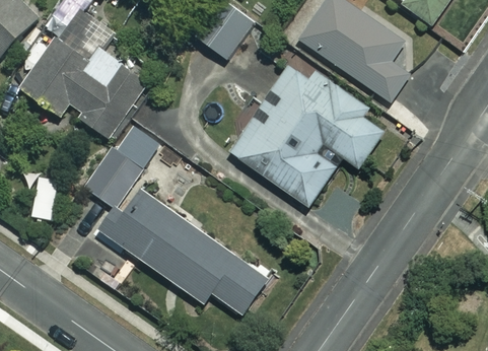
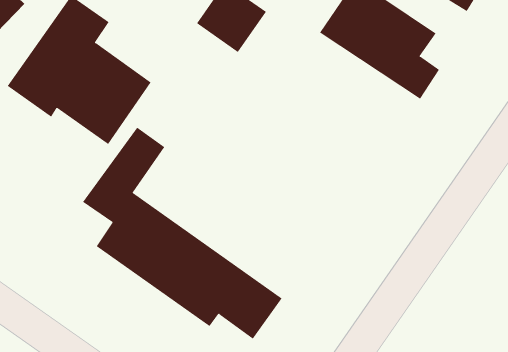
building: [230,58,381,205] -> none

